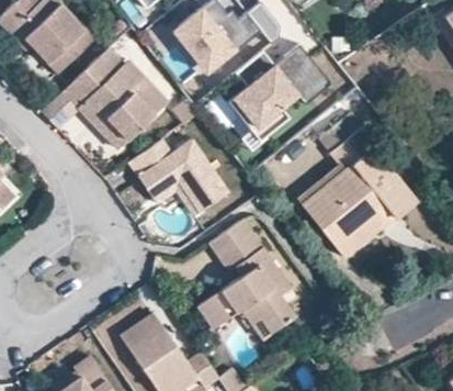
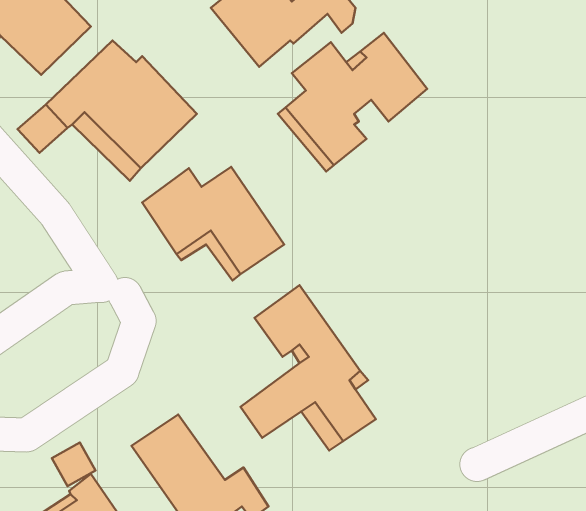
building: [297,127,417,258] -> none

